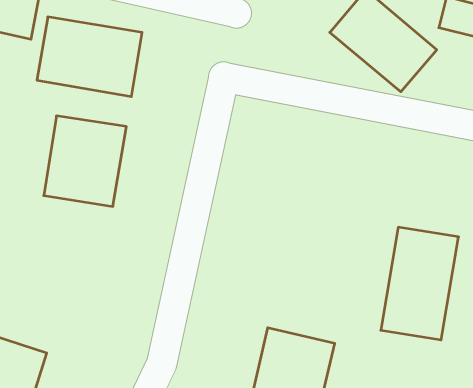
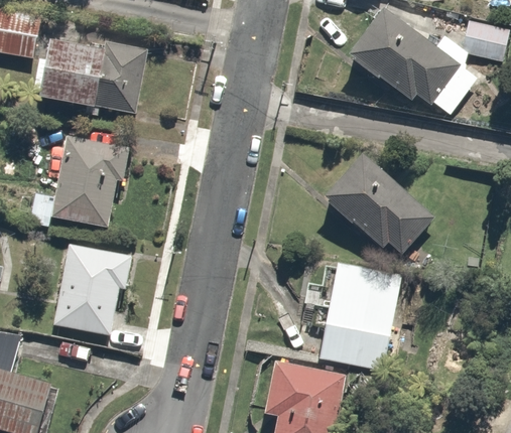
building: none -> [335,156,429,249]
building: none -> [49,247,138,335]
building: [381,227,459,340] -> [320,251,400,368]

